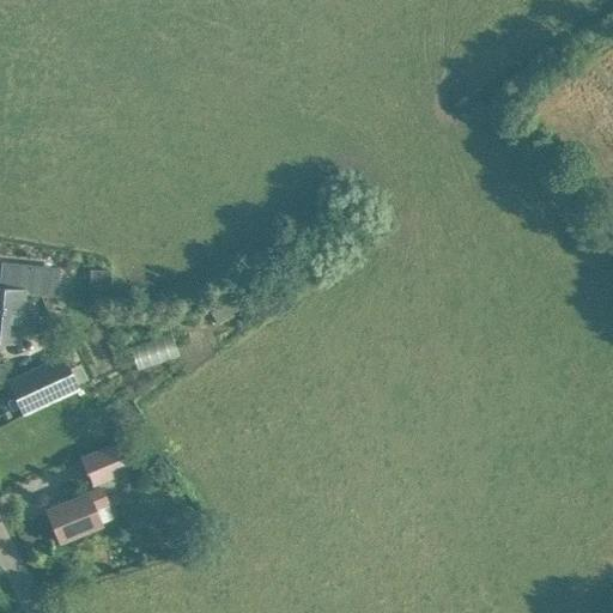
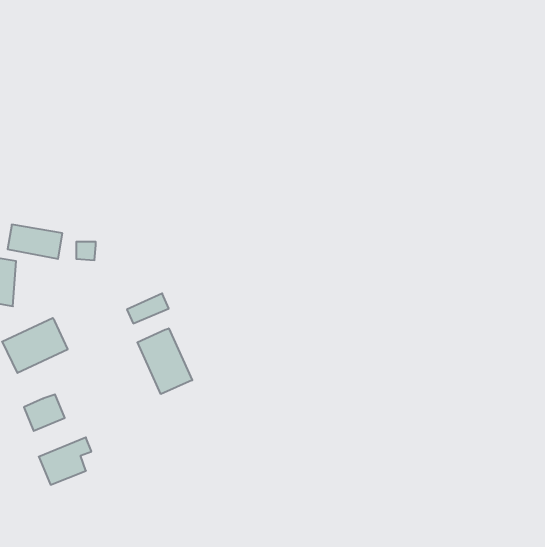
building: none -> [137,328,192,394]
building: [78,445,123,486] -> [24,394,65,431]

